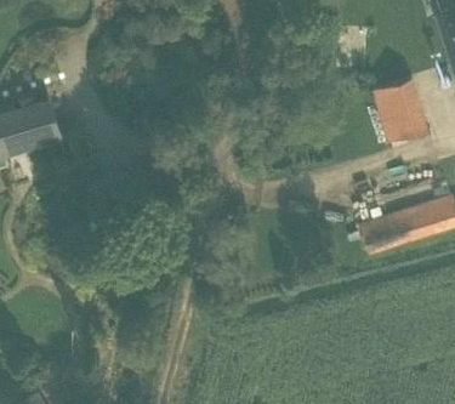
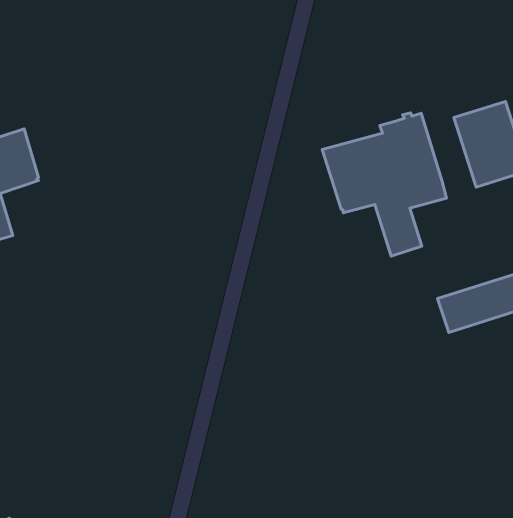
building: none -> [322,113,447,256]

